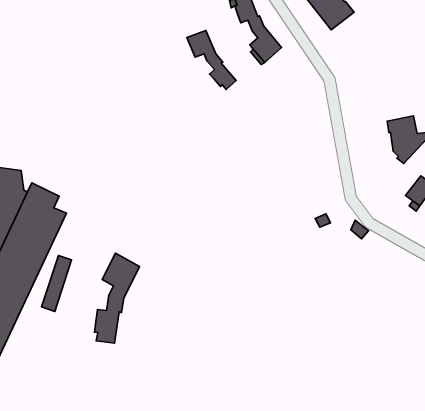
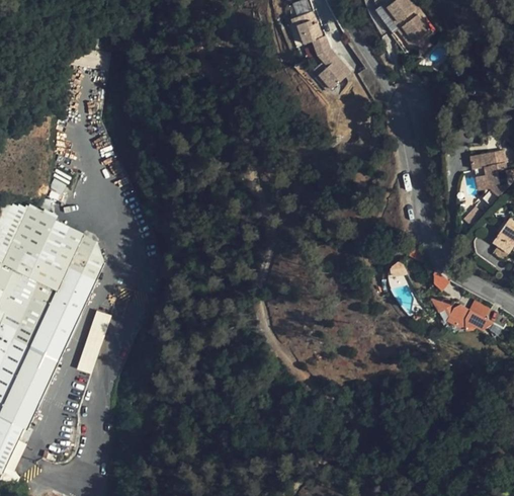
building: [187,30,236,89] -> none
building: none -> [432,299,508,332]
building: [94,253,140,343] -> none

